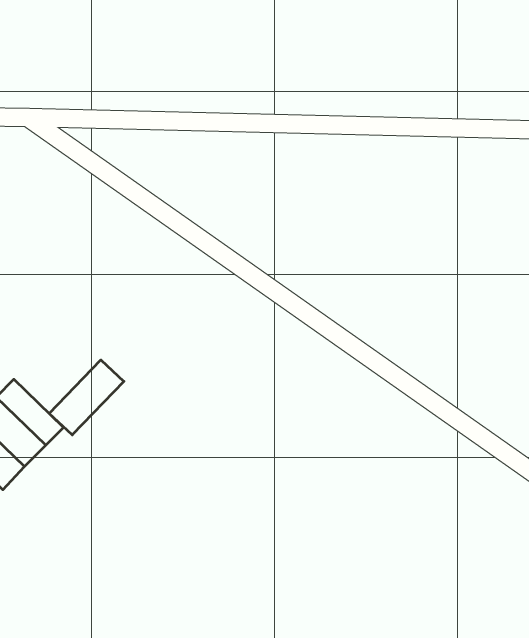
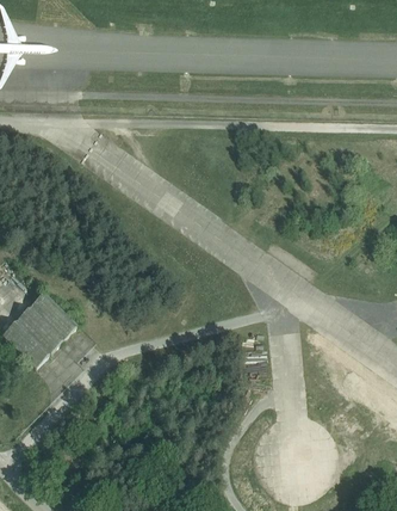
building: [49,360,124,435] -> none

